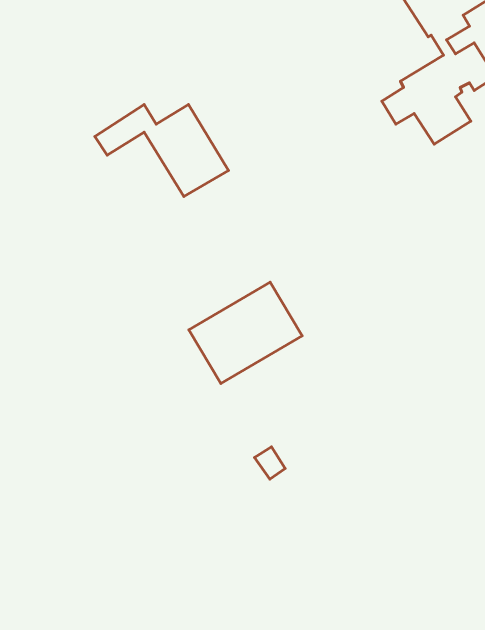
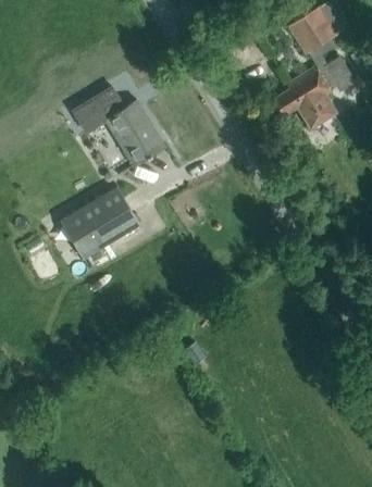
building: [189,282,302,384] -> [59,187,139,259]

